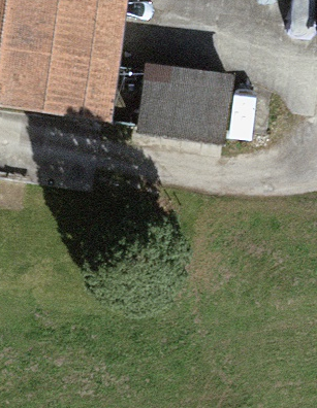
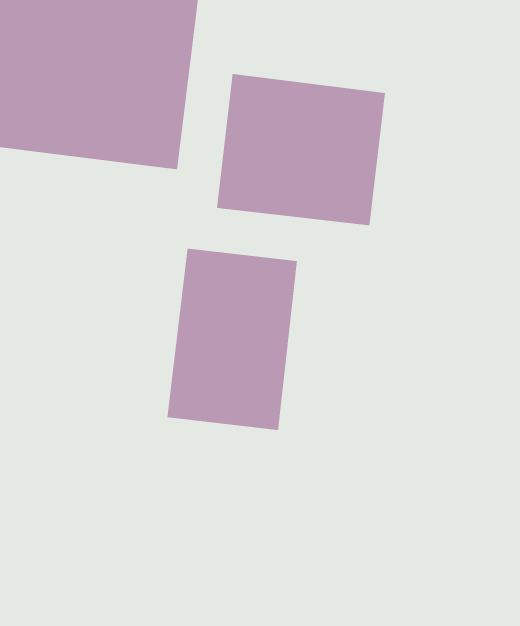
building: none -> [167,248,297,431]

